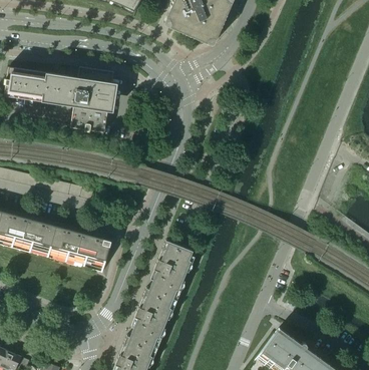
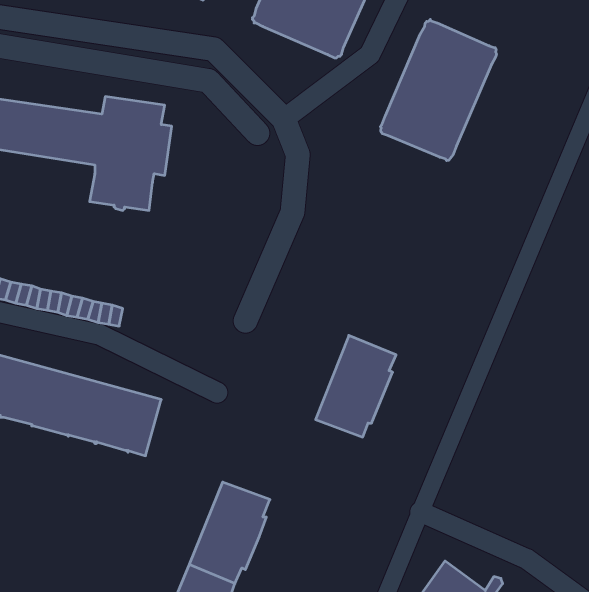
building: none -> [380,19,496,161]
building: [148,239,195,297] -> [316,335,396,437]

